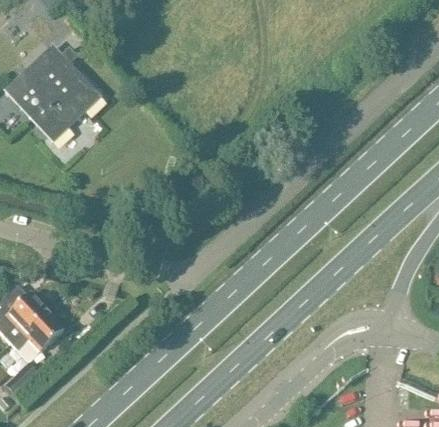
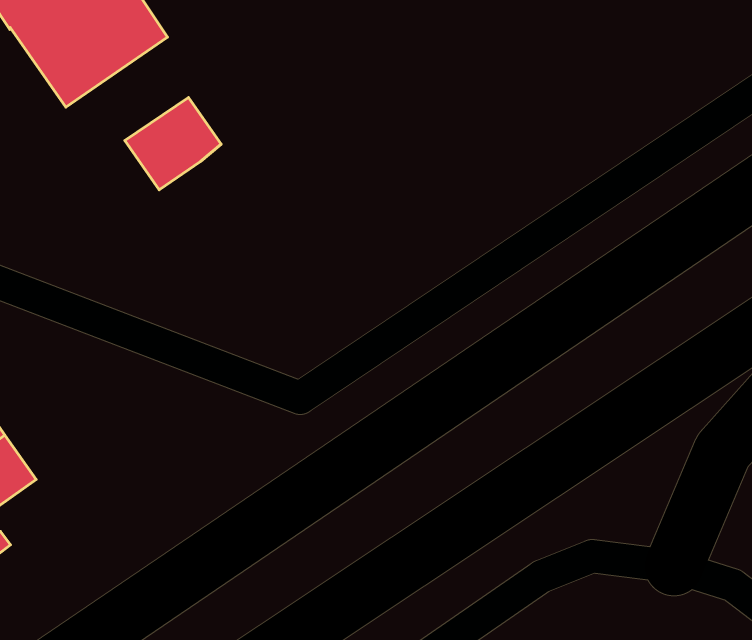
building: none -> [125,97,221,190]

